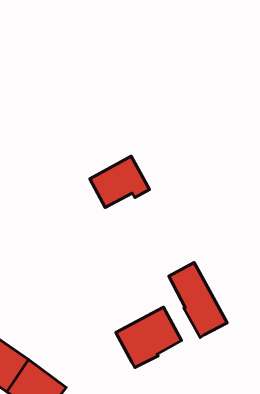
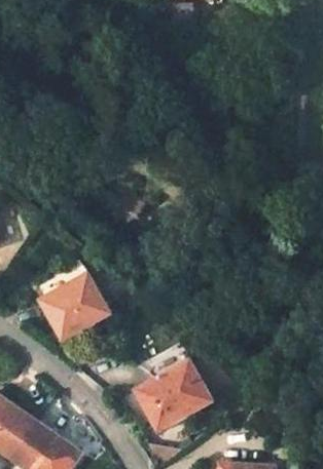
building: [90,156,149,208] -> [39,274,107,333]
building: [169,262,227,337] -> none

